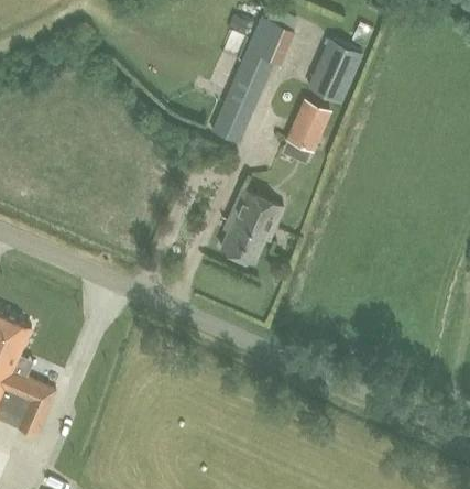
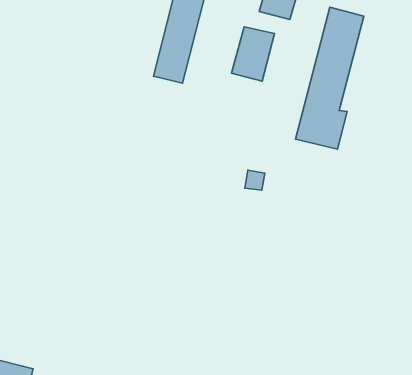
building: none -> [296,7,364,149]
building: [220,189,282,264] -> none

